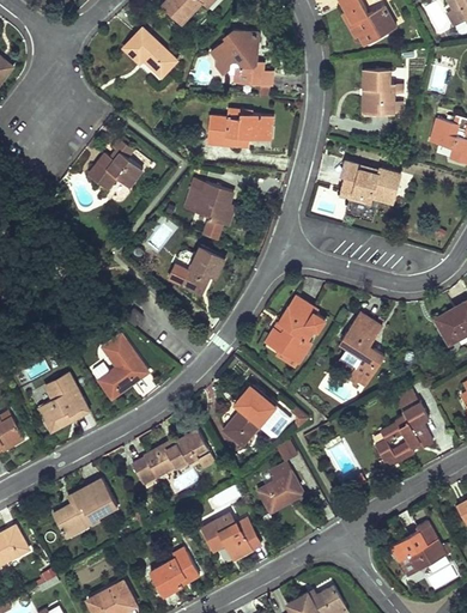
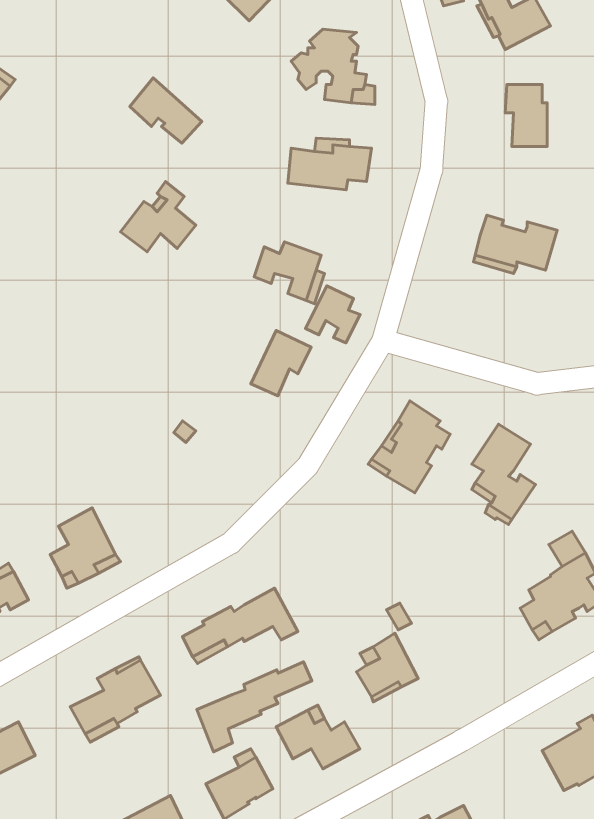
building: [123,29,175,75] -> [130,78,202,143]
building: none -> [305,286,360,343]
building: [98,334,147,397] -> none
building: [224,386,275,445] -> none
building: none -> [197,662,312,752]

